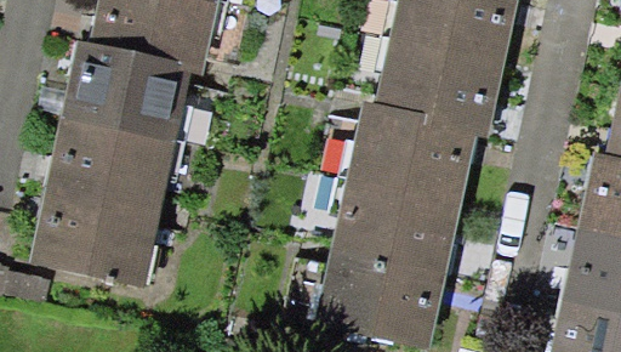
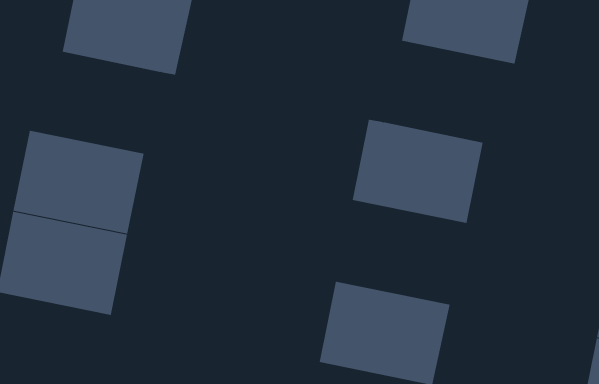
building: [382,38,498,130] -> none
building: [69,45,186,137] -> none
building: [340,178,456,271] -> none

